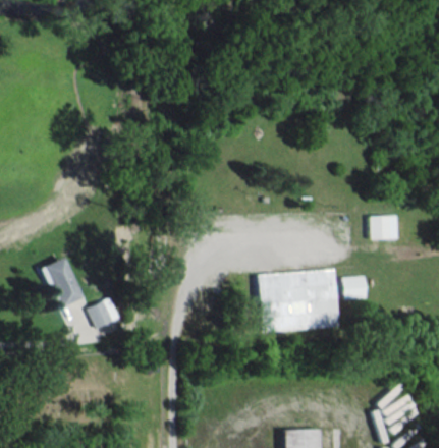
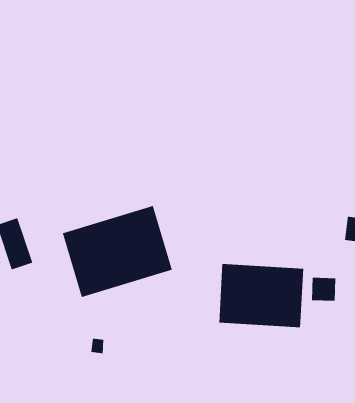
building: none -> [62,205,172,298]
building: [90,300,115,328] -> none

